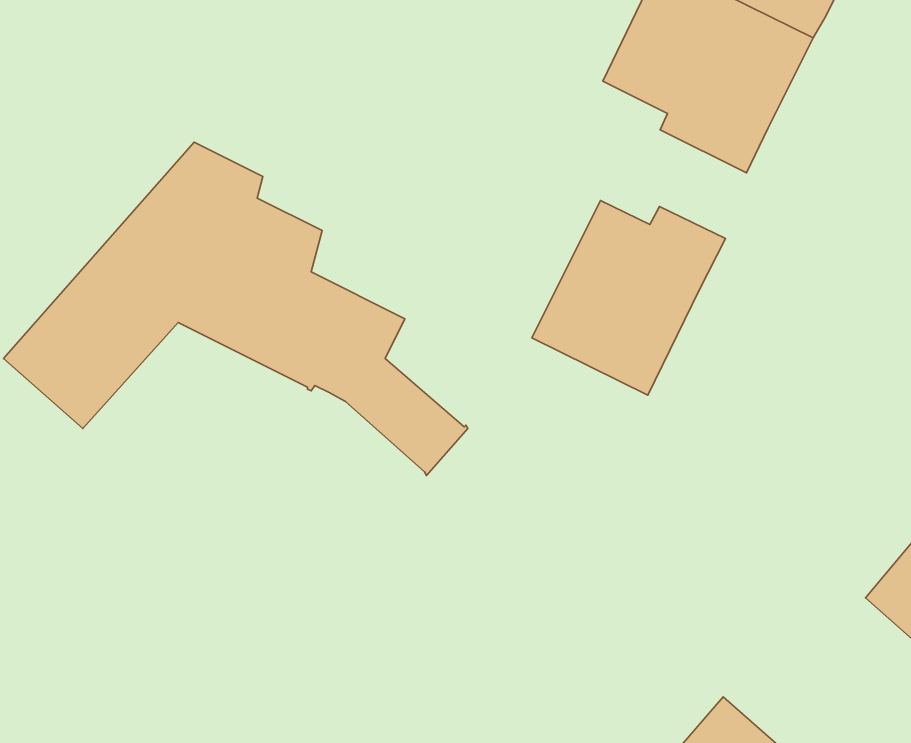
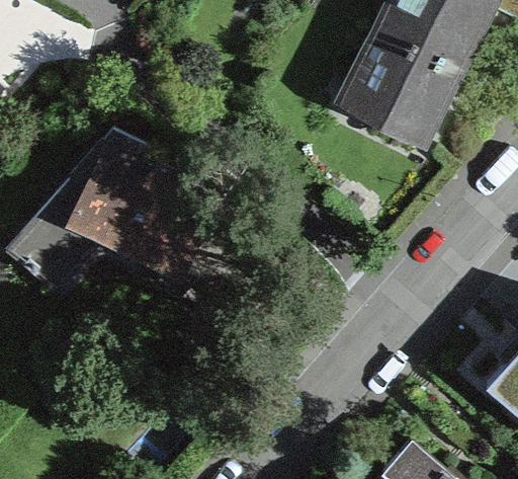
building: [532,201,725,395] -> none

